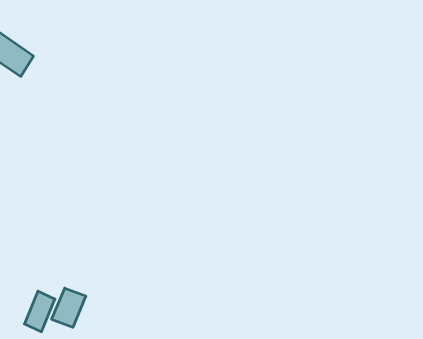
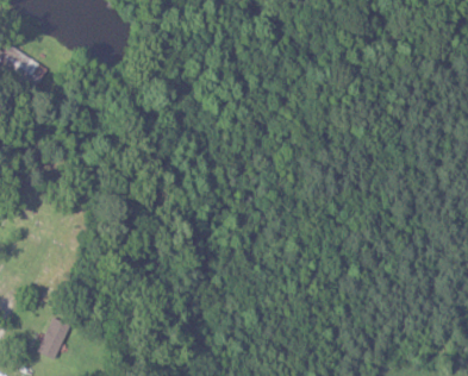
building: [52,288,86,327] -> none

